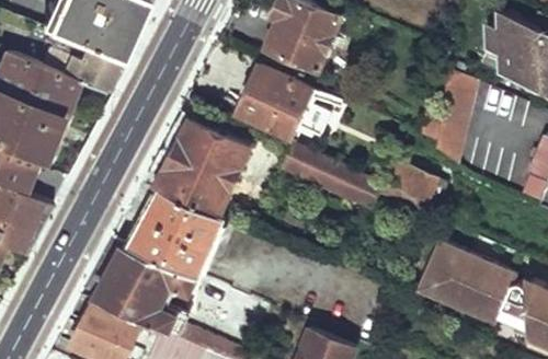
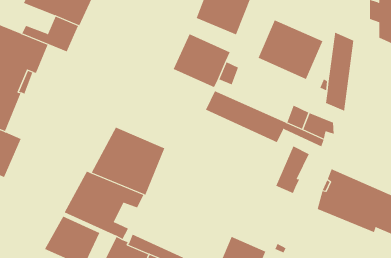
building: none -> [258,19,323,80]
building: [158,119,251,213] -> none
building: none -> [275,146,309,194]

